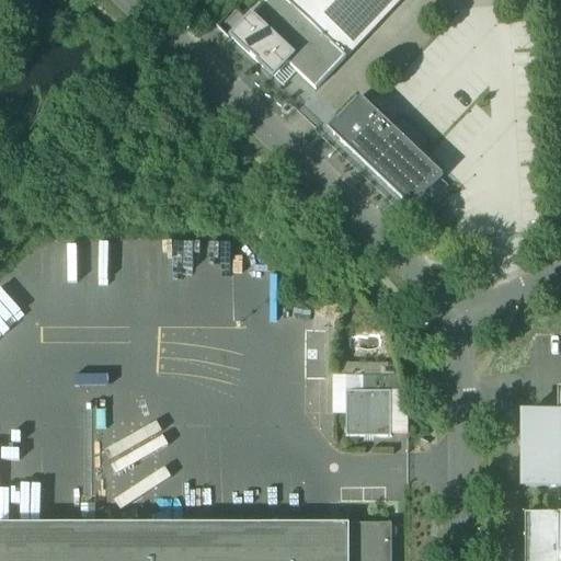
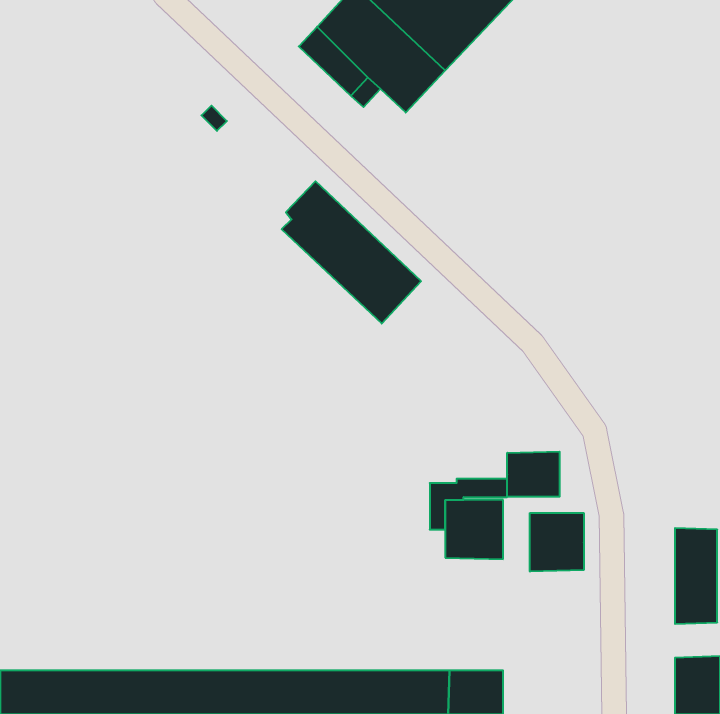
building: [334,95,443,206] -> [282,181,421,324]
building: none -> [507,452,560,497]
building: none -> [530,513,584,572]

